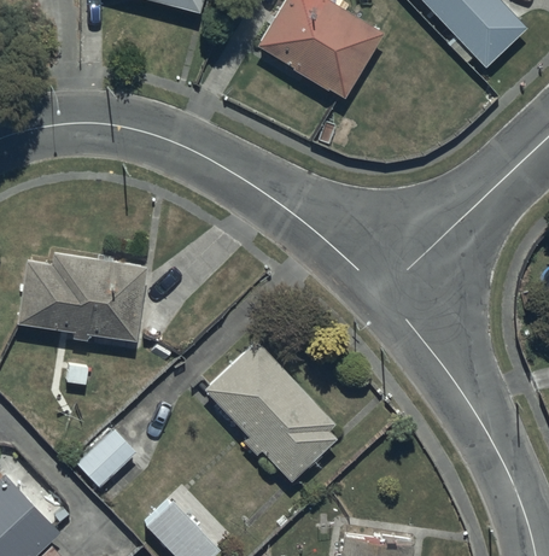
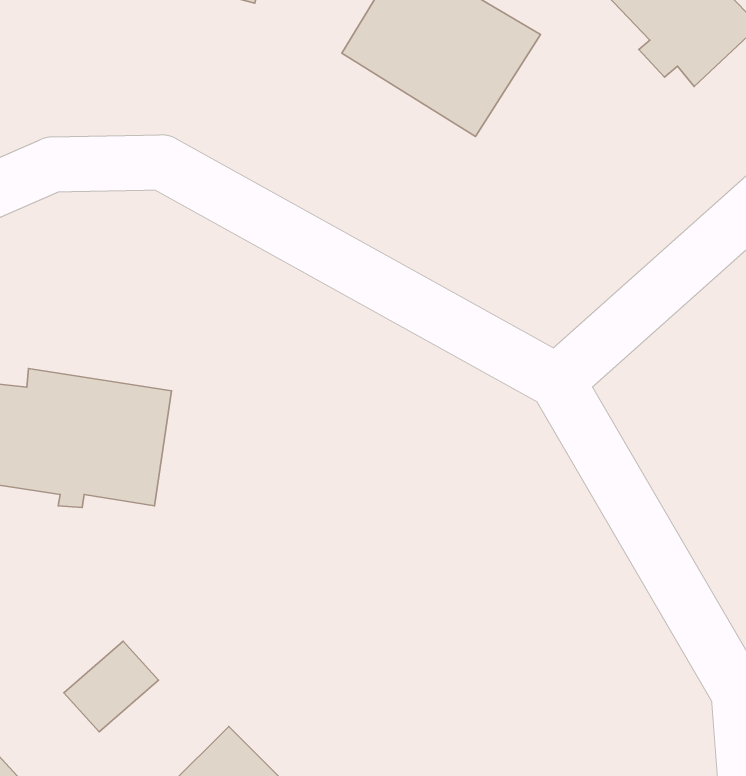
building: [203,336,338,481] -> none

